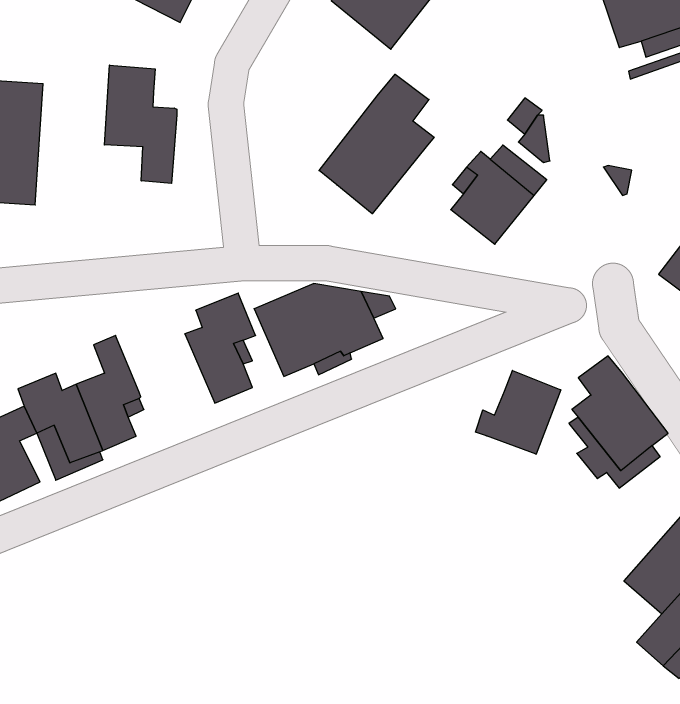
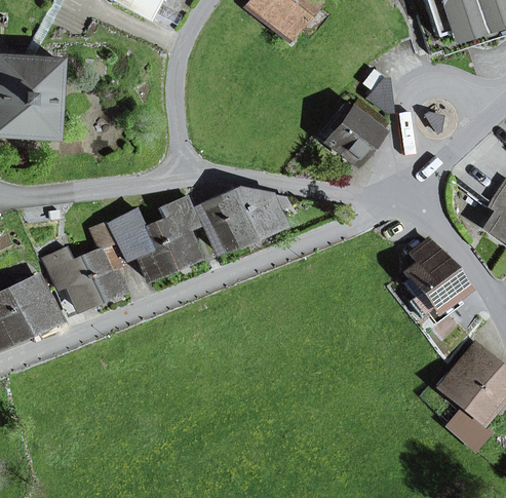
building: [104,65,177,183] -> none
building: [319,74,434,214] -> none
building: none -> [108,209,173,278]
building: [476,370,561,454] -> none

